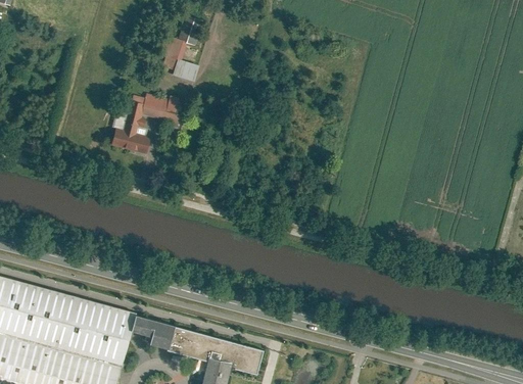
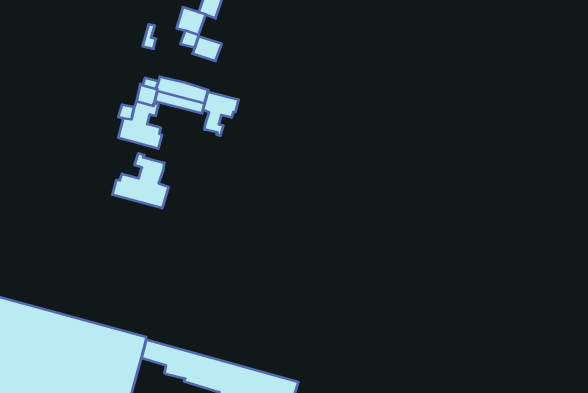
building: none -> [203,92,239,136]
building: none -> [112,153,168,208]

